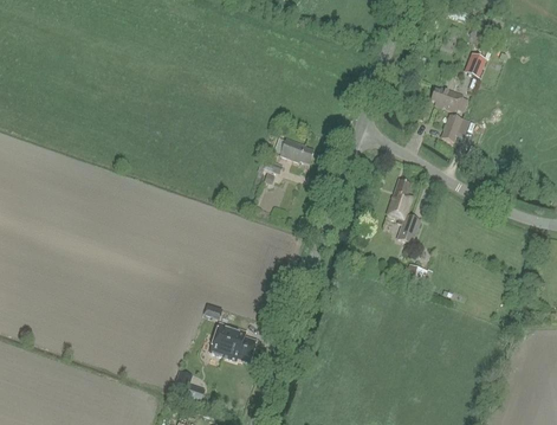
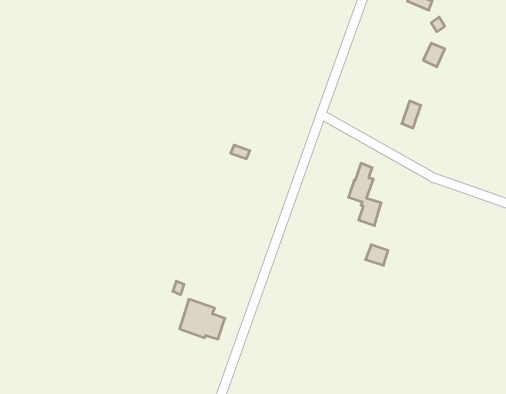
building: [432,86,464,112] -> none
building: [280,139,315,165] -> none

